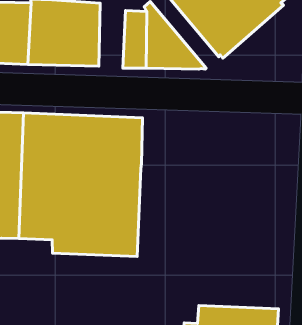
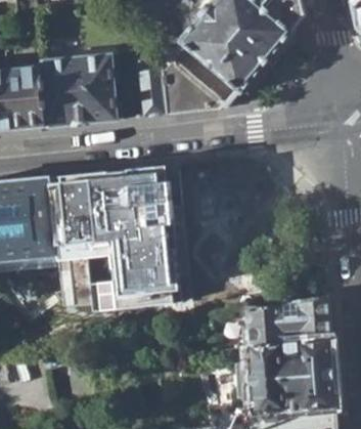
building: none -> [243,296,327,346]

